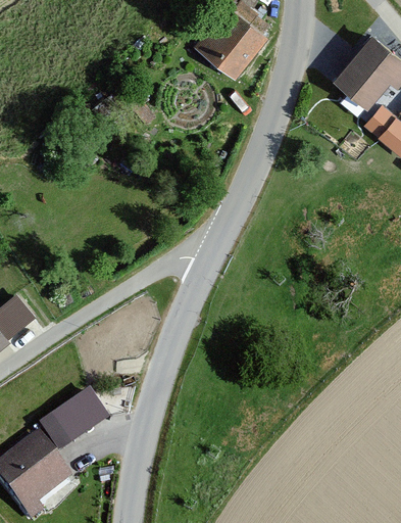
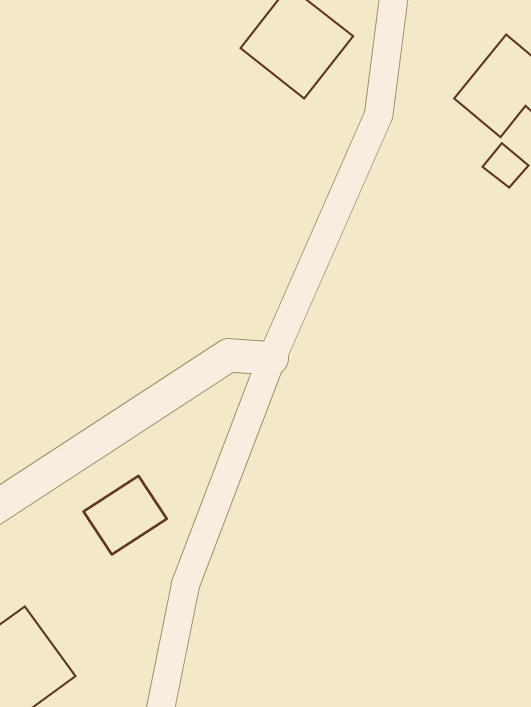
building: [54,390,111,444] -> [84,476,167,554]

